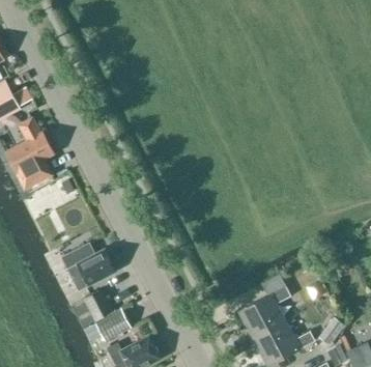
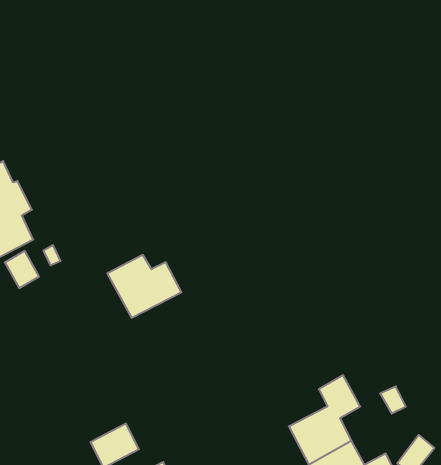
building: [60,245,114,290] -> [107,255,182,318]
building: [82,289,112,321] -> none

